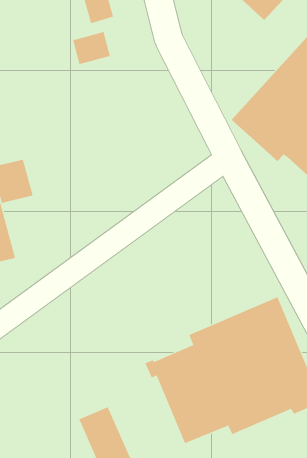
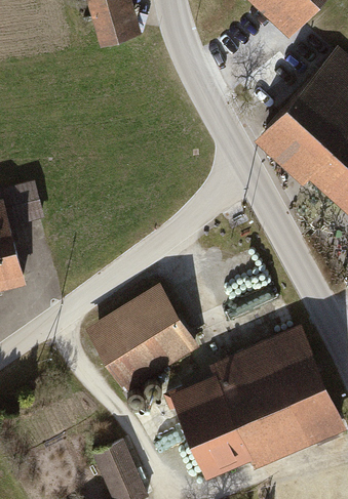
building: [73,31,111,65] -> none
building: none -> [81,284,198,394]

